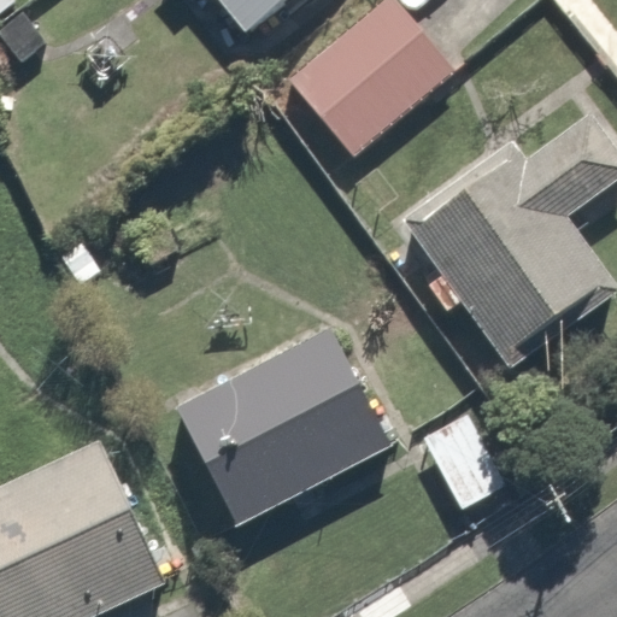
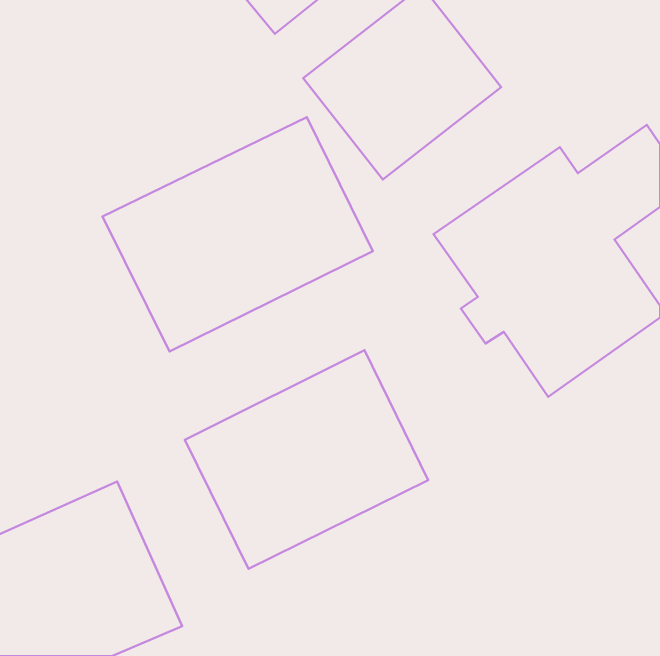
building: none -> [103,117,373,351]

